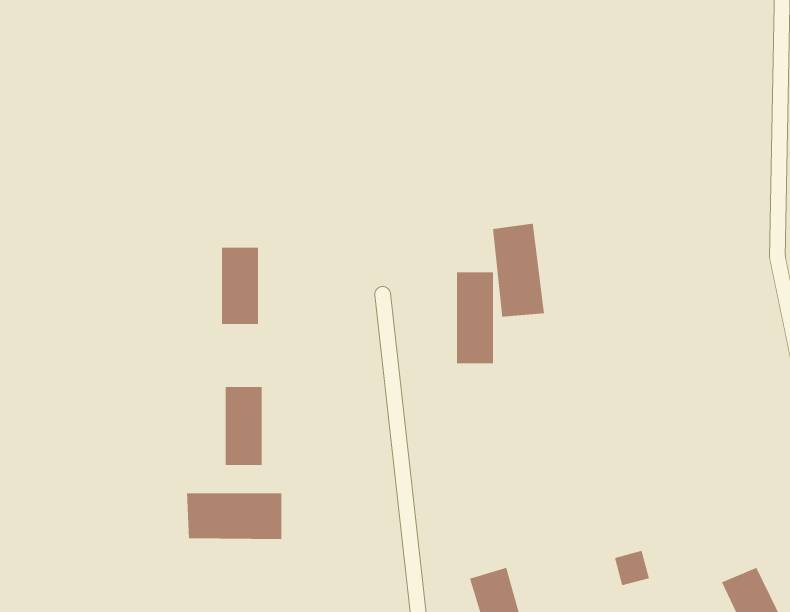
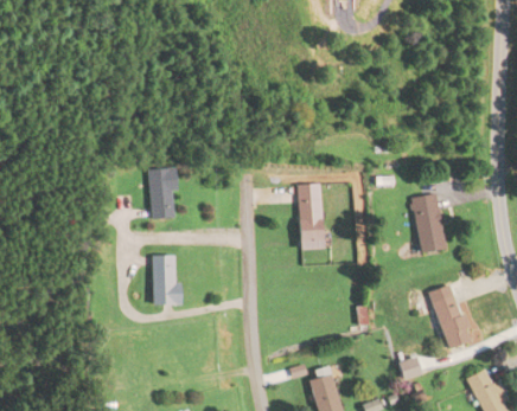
building: [492,223,545,317] -> [413,193,446,252]
building: none -> [433,294,470,348]
building: [187,492,282,540] -> none

